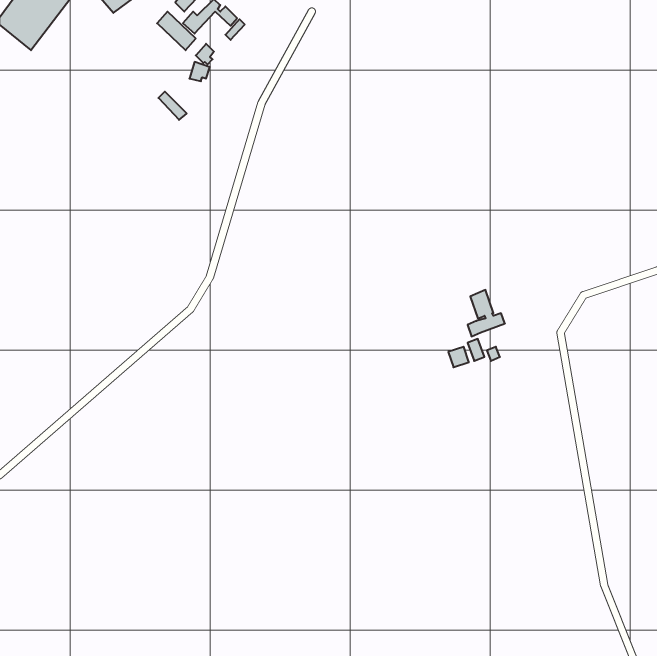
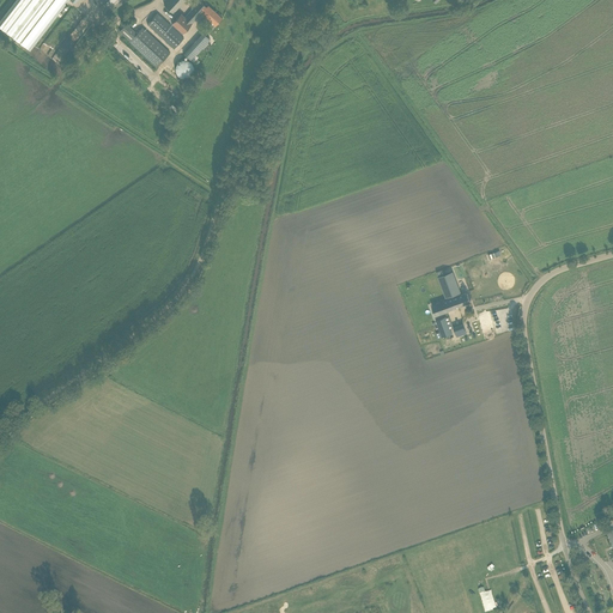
building: none -> [117,22,169,65]

